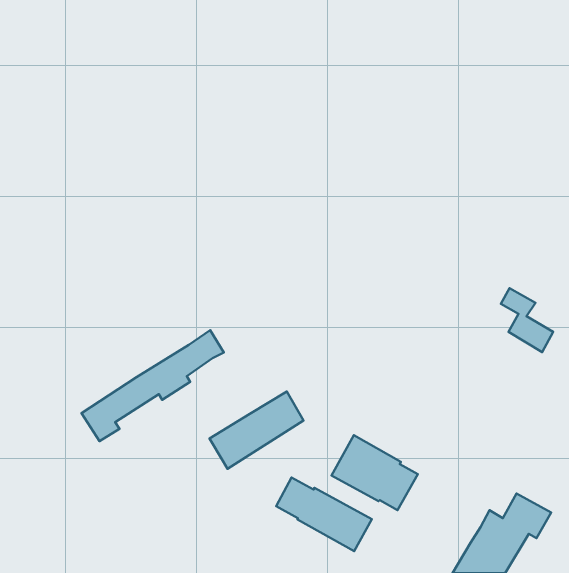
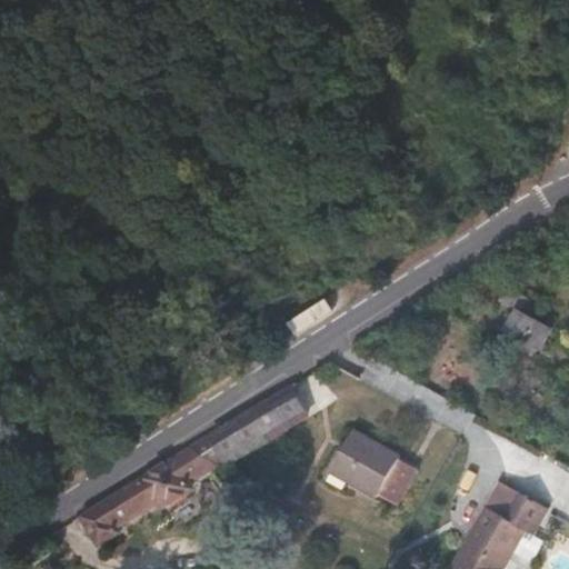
building: [81,330,224,441] -> [80,435,221,545]
building: [276,477,372,551] -> none

